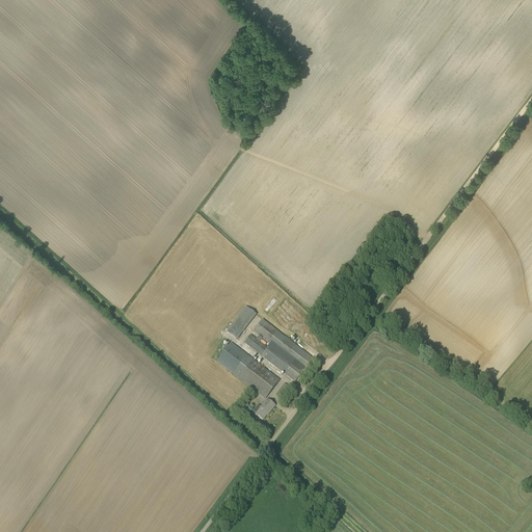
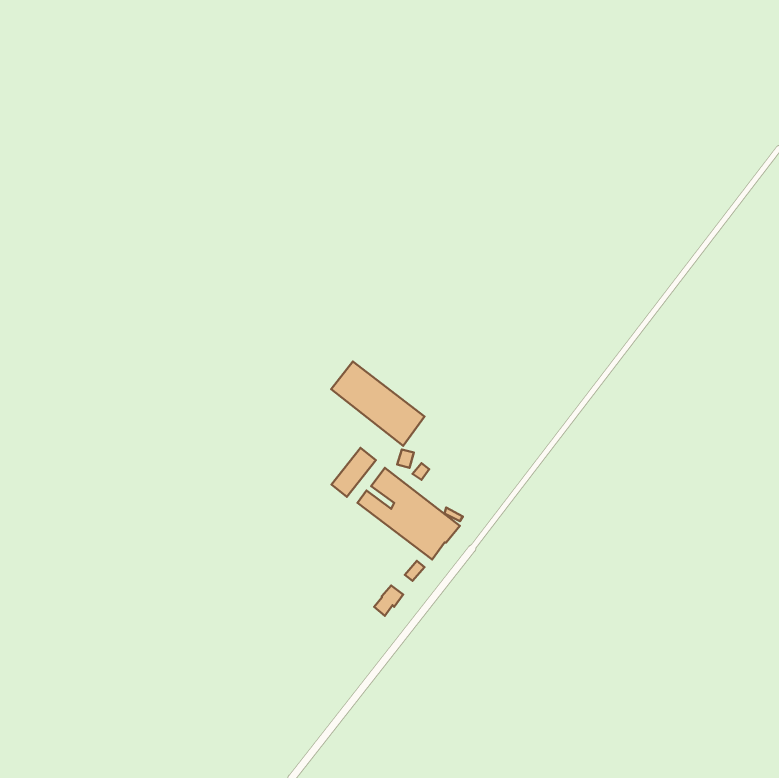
building: [215,341,278,398] -> [331,362,424,446]

